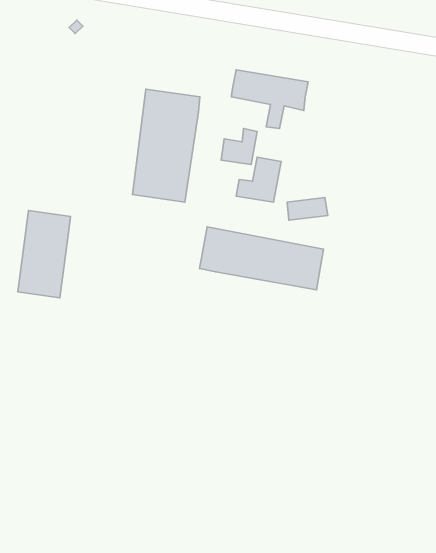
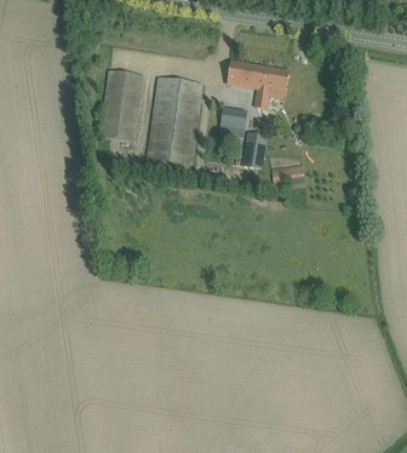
building: [18,211,70,298] -> [101,70,143,141]
building: [199,227,324,290] -> none

